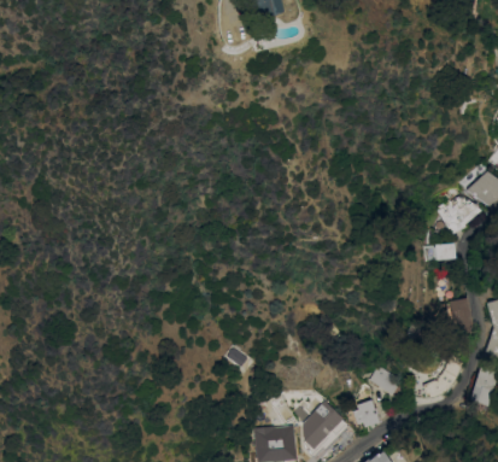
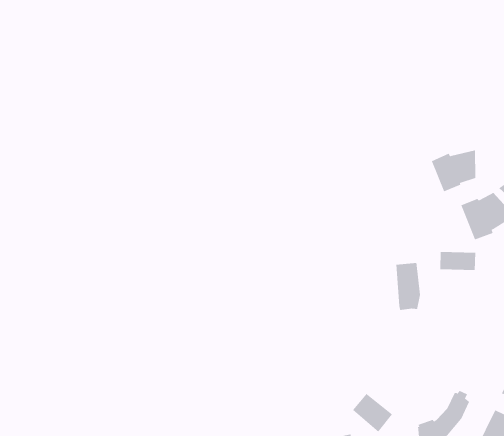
building: none -> [431,150,476,192]
building: [449,298,471,338] -> [396,263,421,311]

